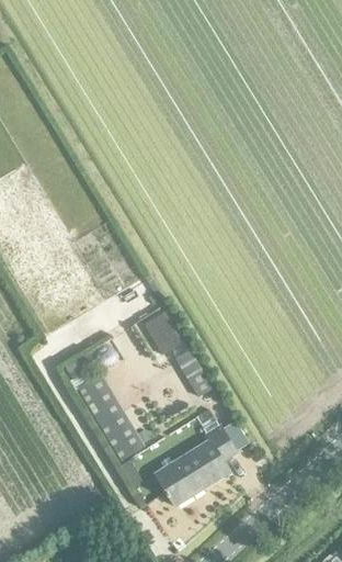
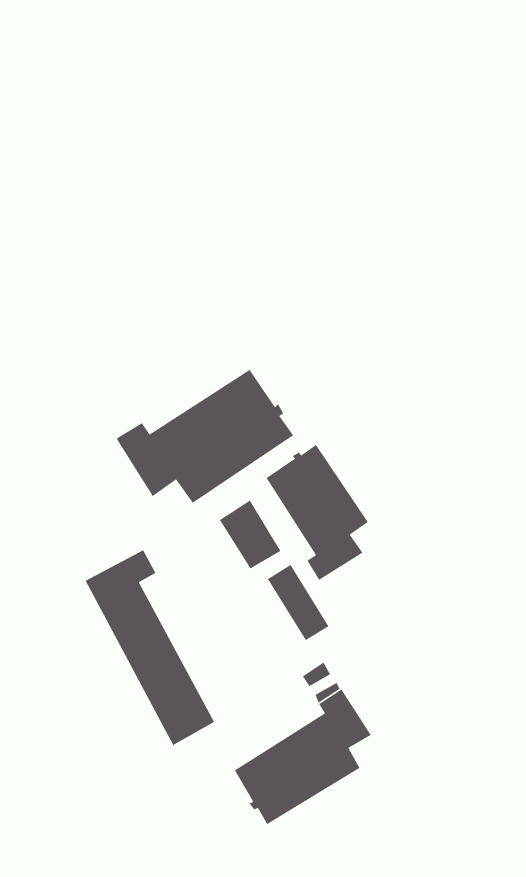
building: none -> [116,369,294,504]
building: none -> [265,444,369,580]

